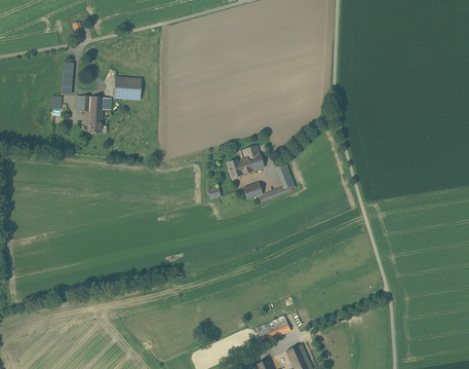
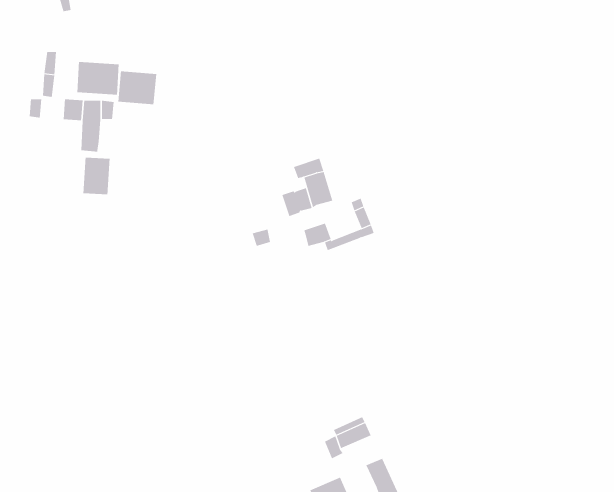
building: none -> [77,61,119,96]
building: none -> [83,157,110,195]

